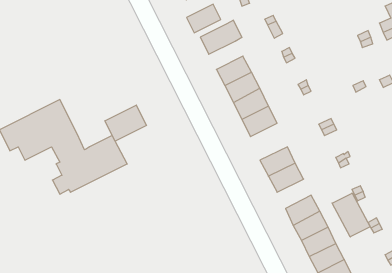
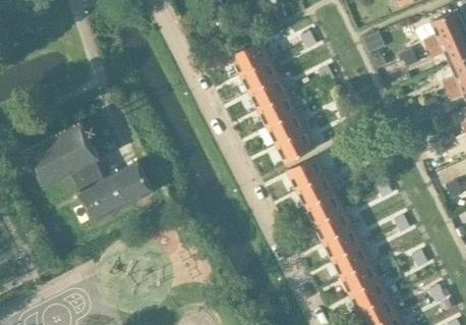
building: [187,4,221,33] -> [241,59,278,90]
building: [105,105,146,141] -> none
building: none -> [288,156,326,187]
building: none -> [314,208,351,239]
building: [332,193,370,237] -> none

